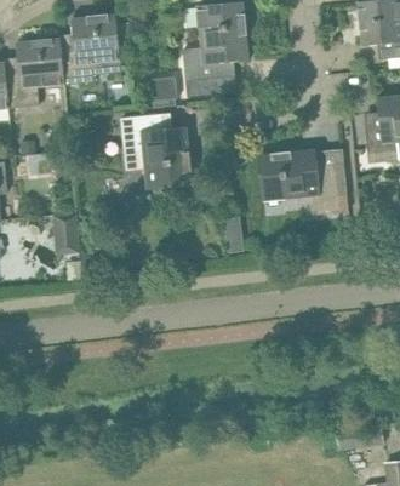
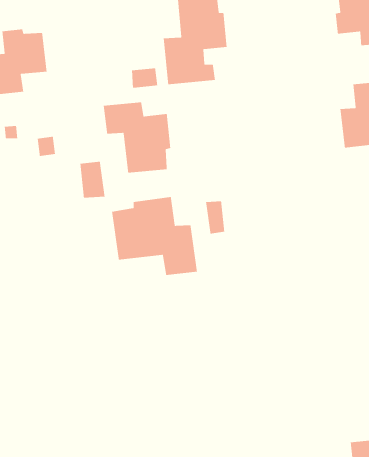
building: [58,16,119,84] -> none
building: [257,148,347,215] -> none
building: none -> [111,196,198,276]
building: [53,213,80,252] -> [79,161,105,198]

